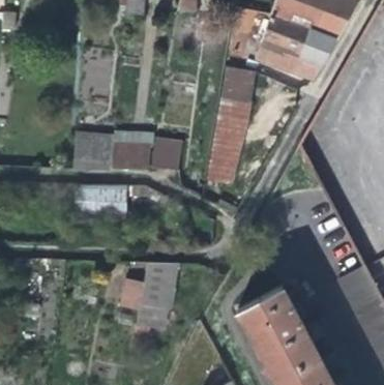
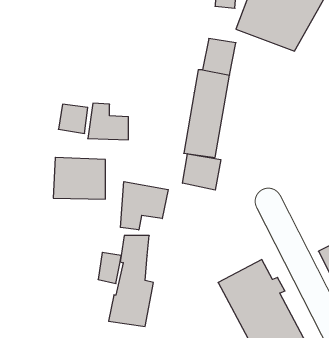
building: [150,137,183,170] -> none
building: none -> [183,154,221,190]
building: none -> [120,182,168,230]

